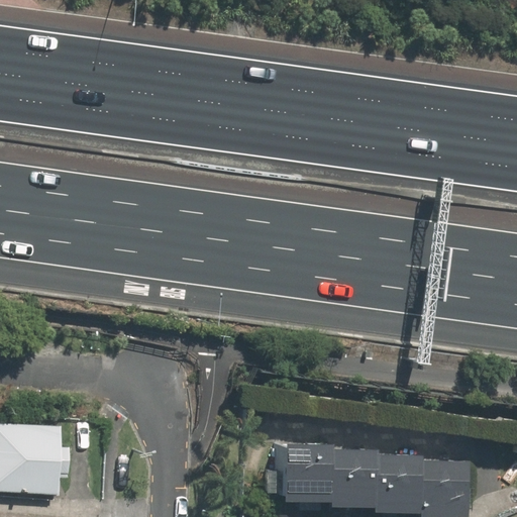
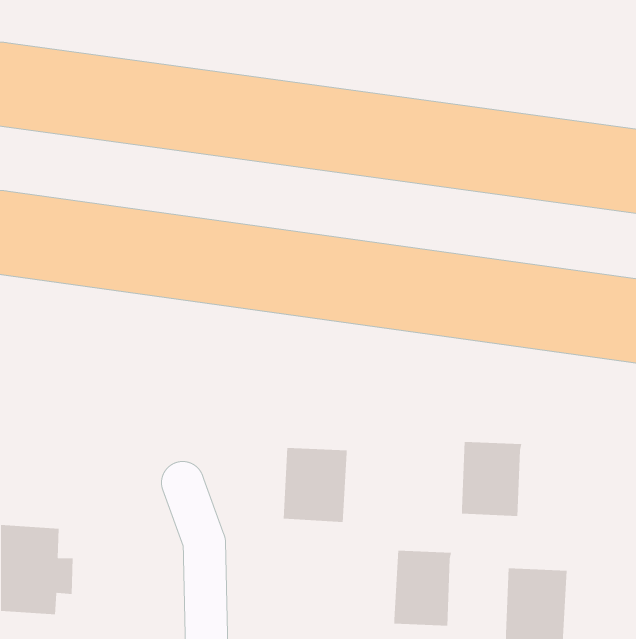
building: [275,441,326,501] -> [283,448,347,523]
building: [367,452,415,512] -> [461,441,522,516]

